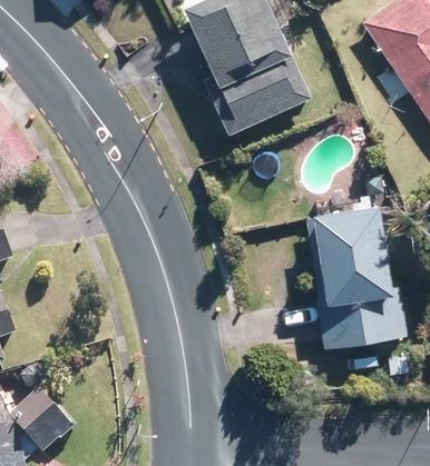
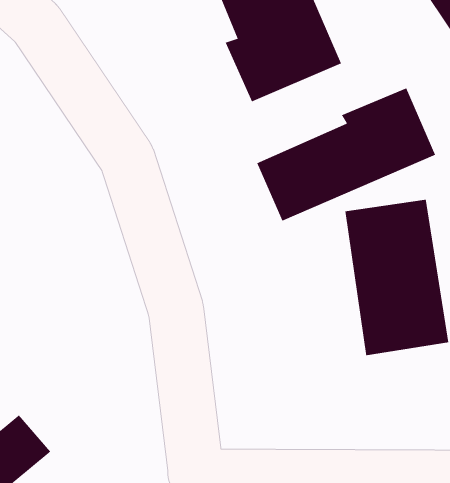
building: none -> [256,88,436,222]

